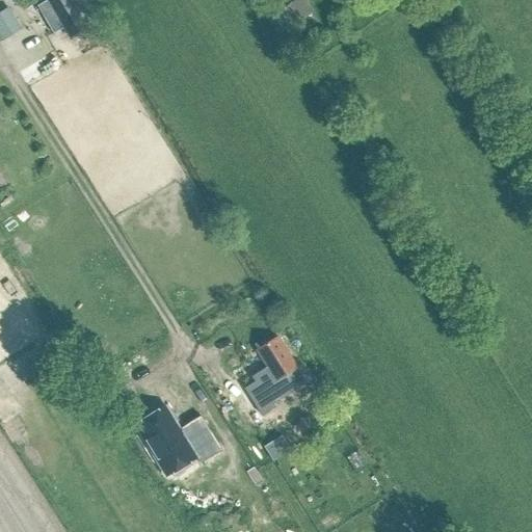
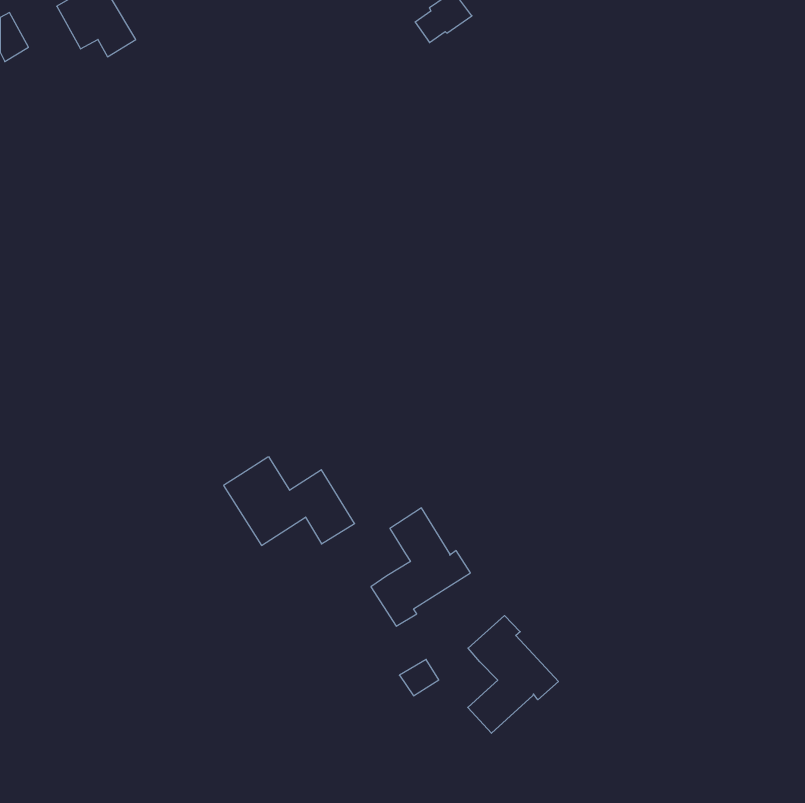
building: [134,405,220,463] -> [224,457,355,545]
building: none -> [468,616,558,733]

